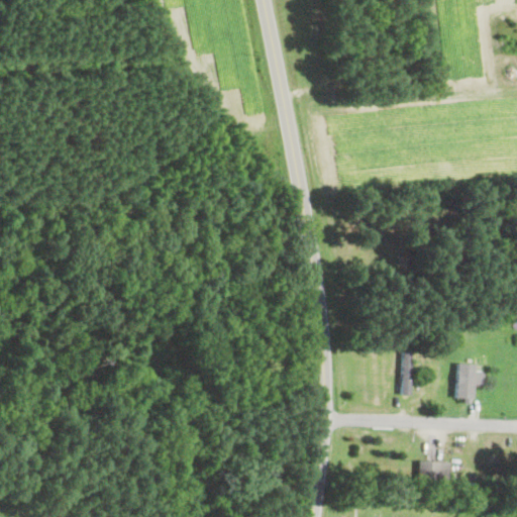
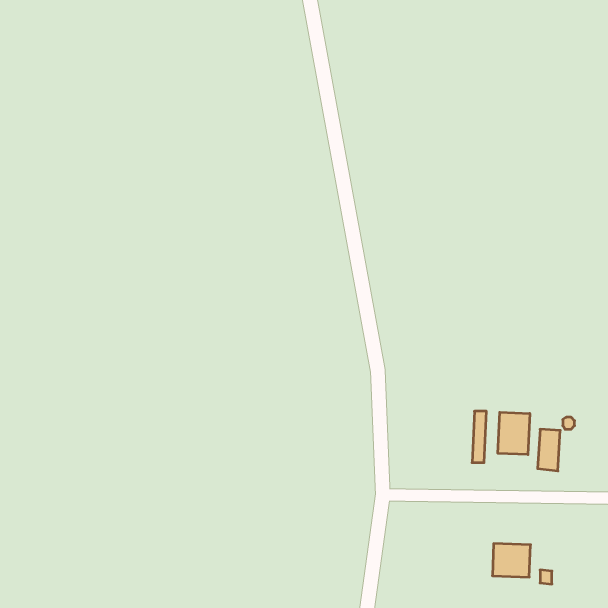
building: none -> [498,412,530,455]

